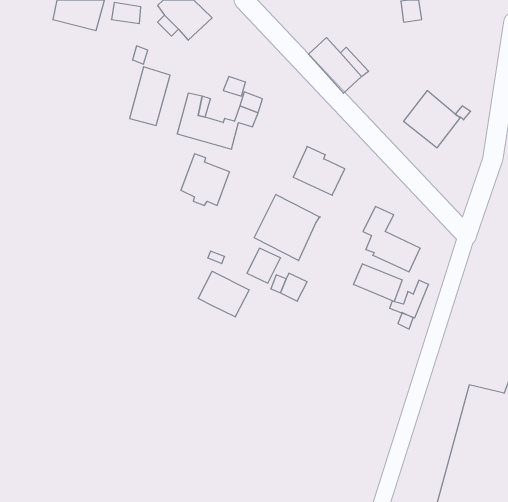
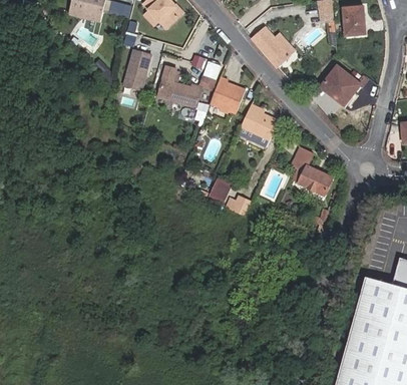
building: none -> [343,7,366,36]
building: [181,154,230,205] -> [210,77,245,114]
building: [254,194,320,261] -> none
building: [354,264,402,301] -> none
building: [198,271,249,317] -> none

